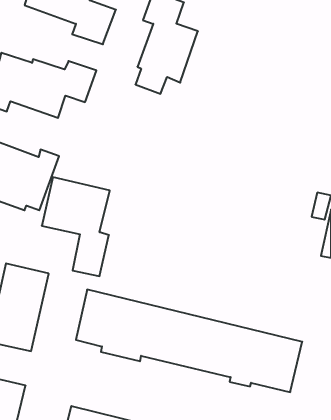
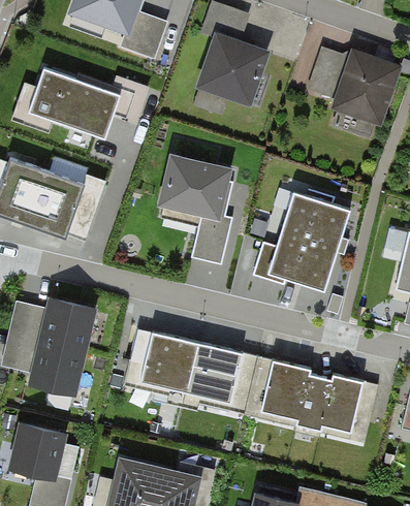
building: none -> [313,43,400,118]
building: none -> [254,195,349,291]
building: [42,177,110,276] -> [157,154,232,263]

